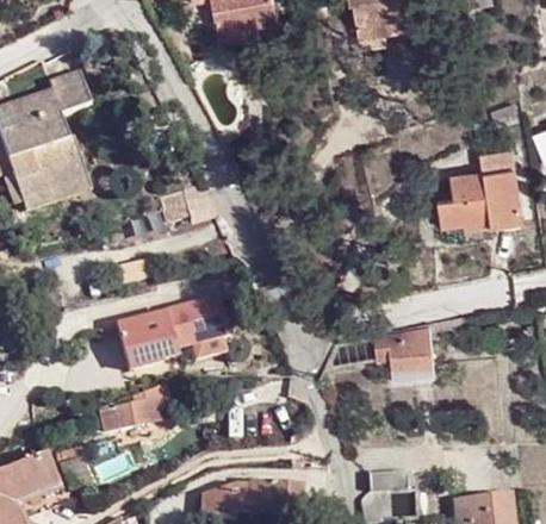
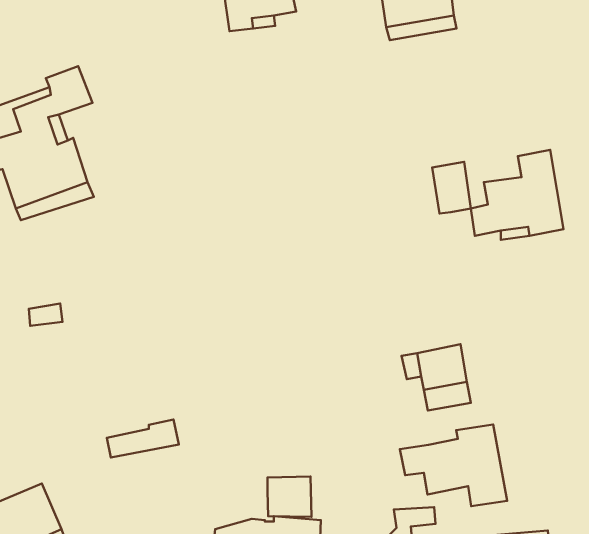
building: none -> [432,162,471,214]
building: [114,300,225,368] -> none
building: none -> [400,424,507,506]
building: none -> [267,477,312,517]

